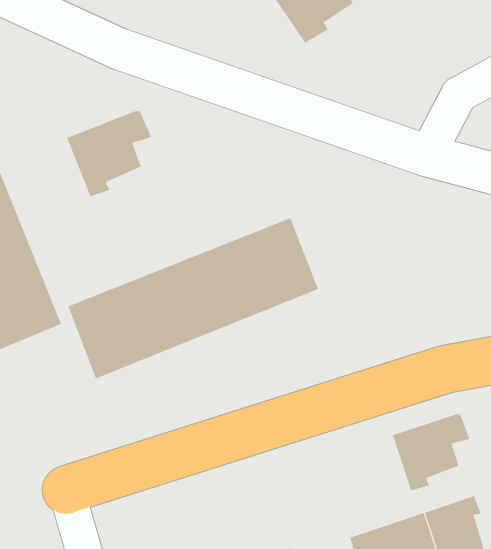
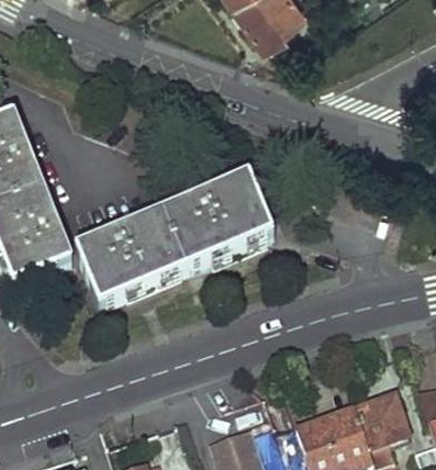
building: [66,110,152,197] -> none
building: [392,414,470,491] -> none

